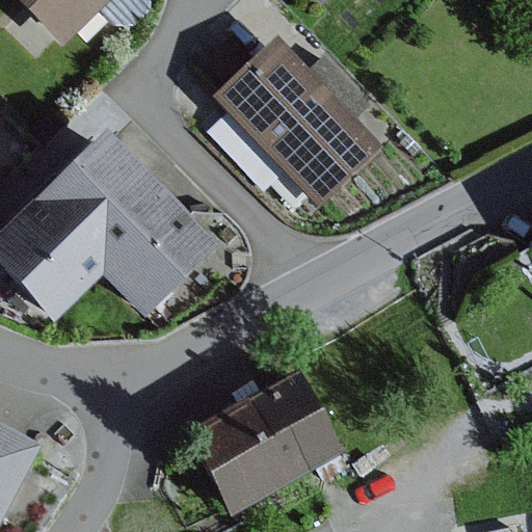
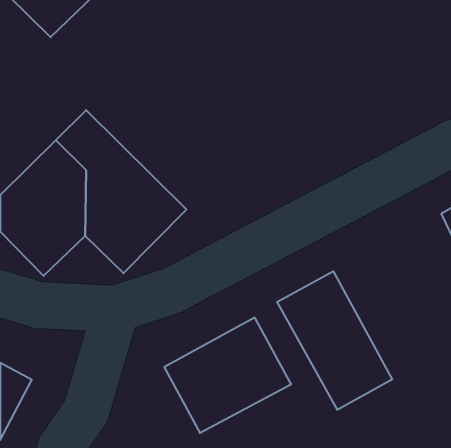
building: [211,33,379,207] -> none
building: none -> [277,271,392,410]

